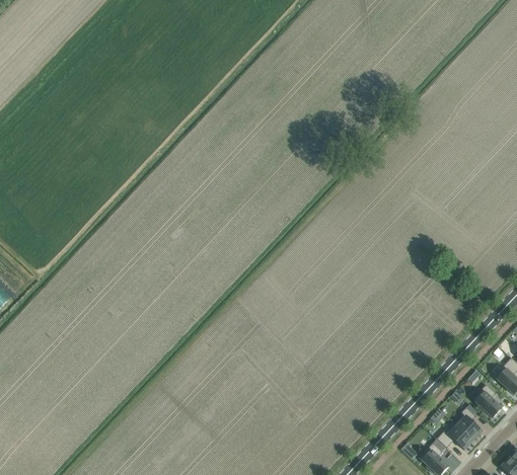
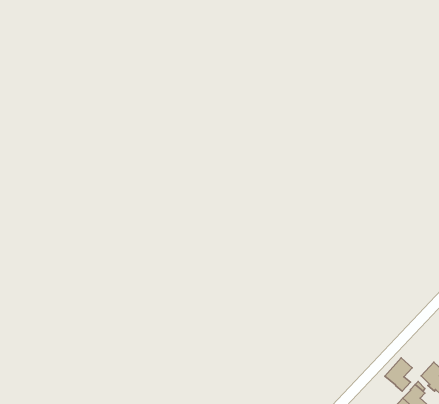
building: none -> [385,358,412,391]

